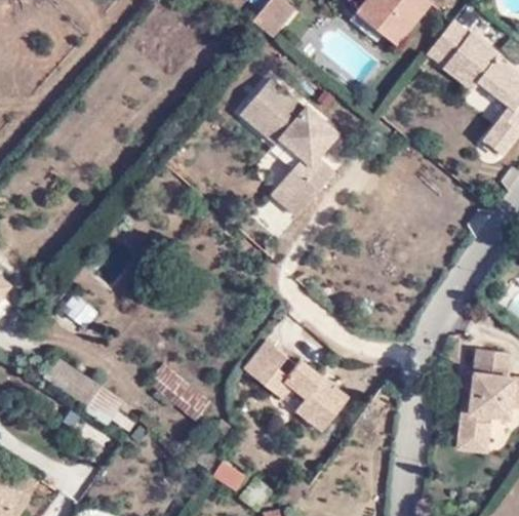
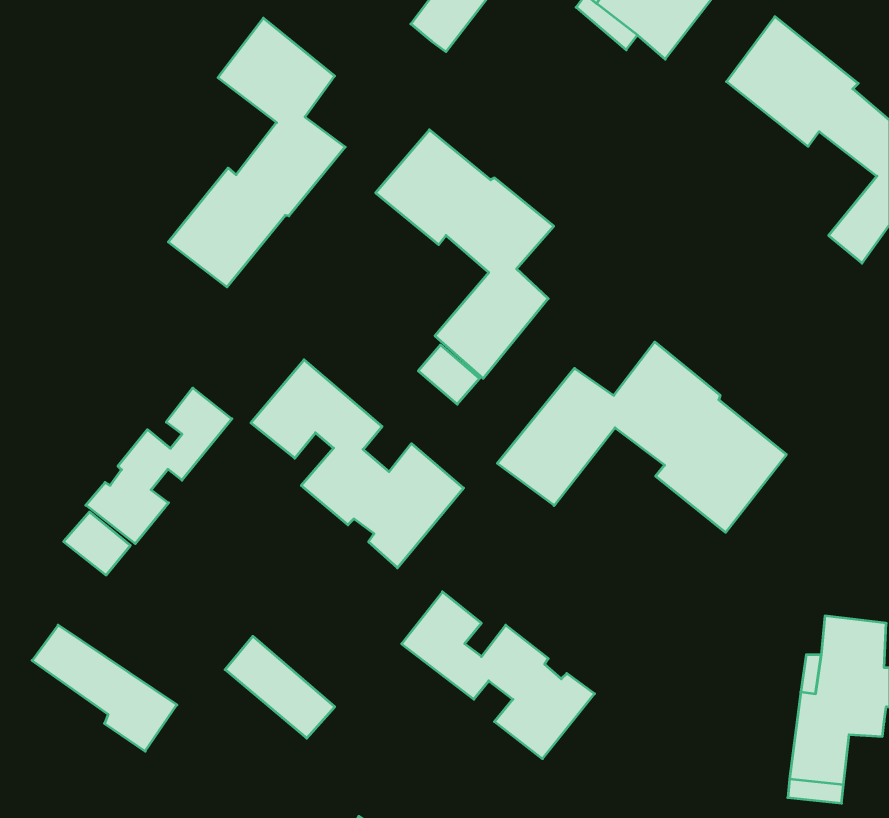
building: none -> [168,18,345,287]
building: none -> [497,342,786,532]
building: none -> [251,360,464,568]
building: none -> [86,388,232,544]

